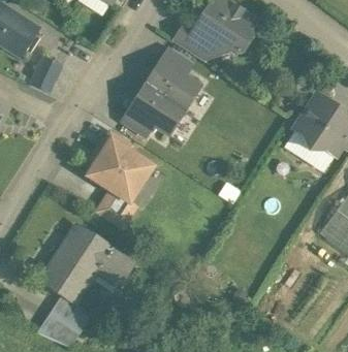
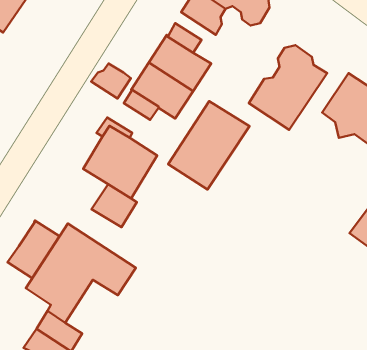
building: [29,56,63,94] -> none
building: none -> [249,45,327,130]
building: none -> [91,64,131,98]
building: none -> [168,101,249,190]
building: none -> [8,220,60,278]

